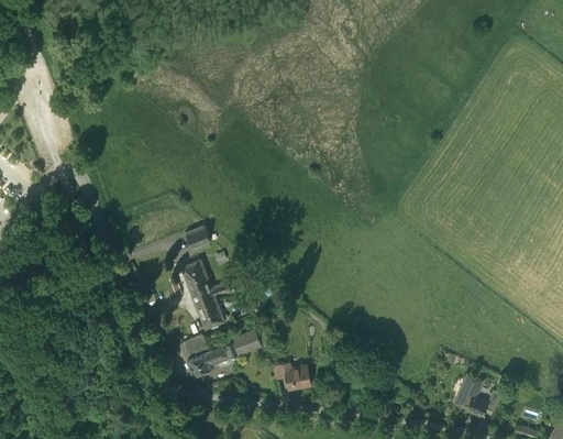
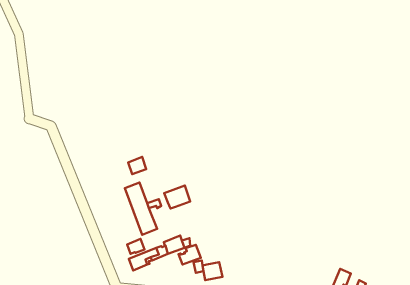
building: none -> [164,185,190,209]
building: none -> [179,245,201,264]

